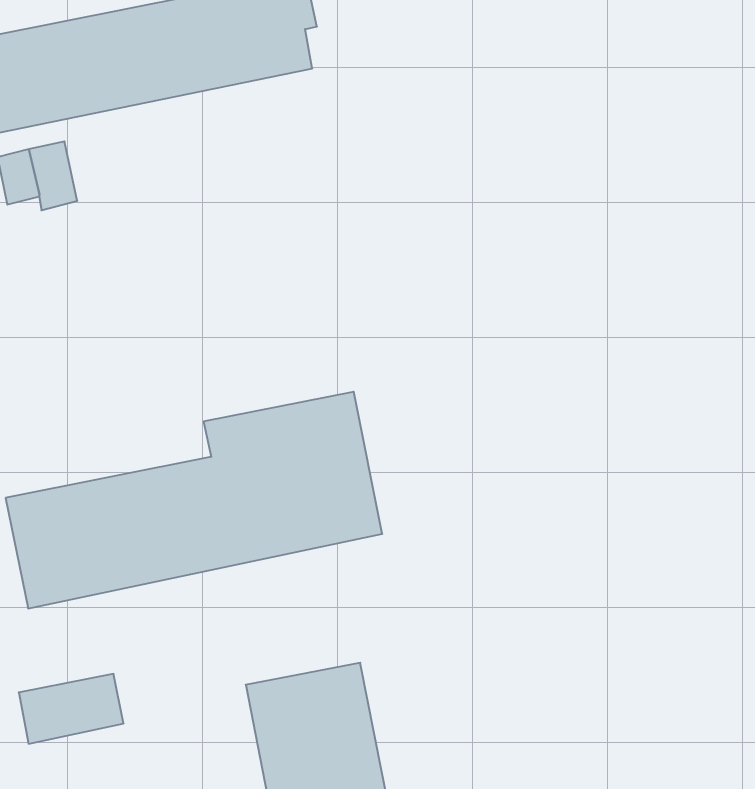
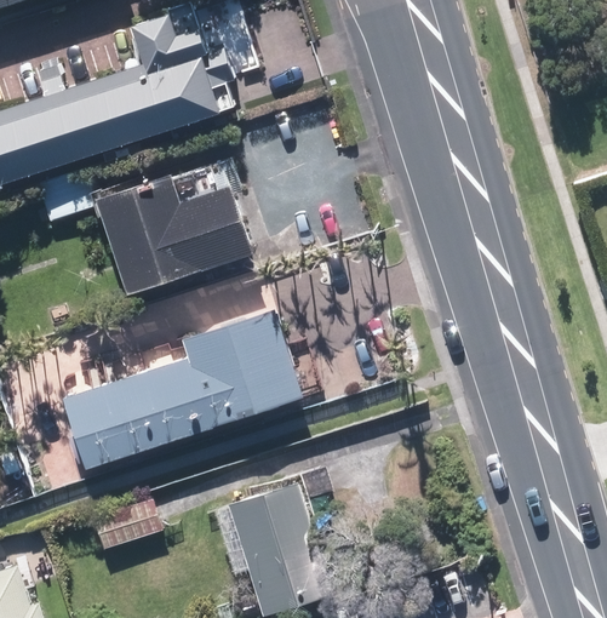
building: none -> [96,176,253,294]

